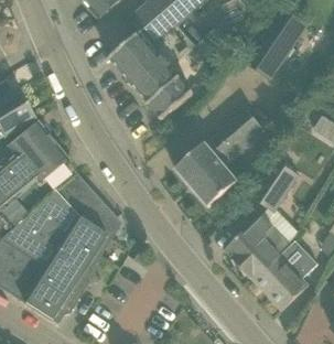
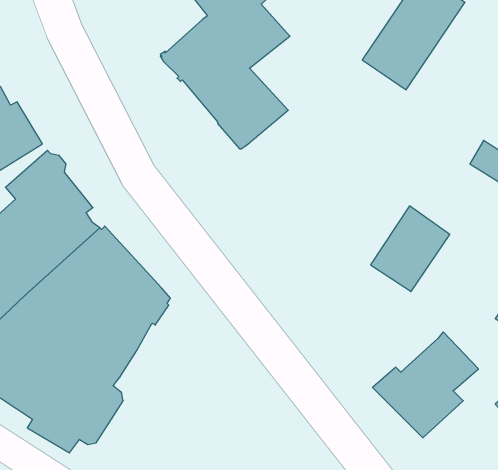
building: [174,108,265,206] -> none
building: [224,215,291,276] -> none

